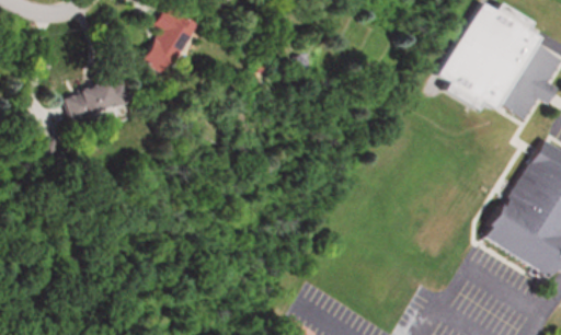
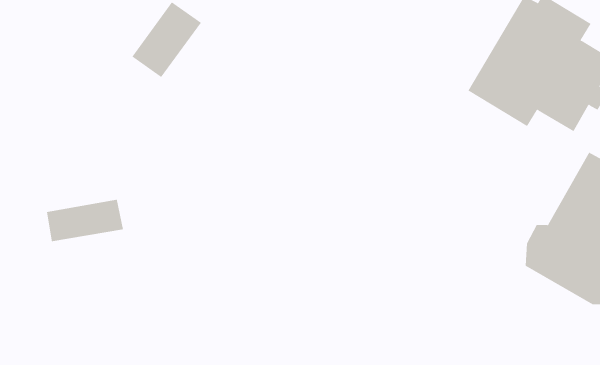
building: [66,78,134,115] -> [46,199,124,242]

